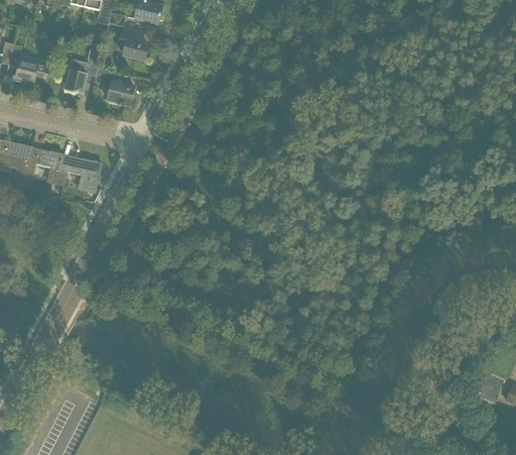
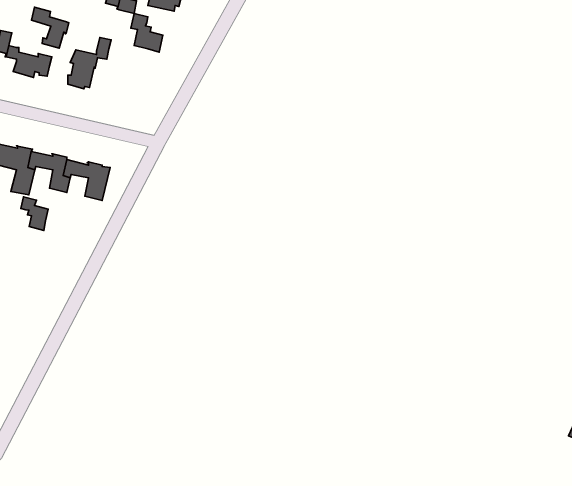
building: none -> [32,7,69,48]
building: [96,67,134,104] -> none
building: none -> [21,197,48,231]

